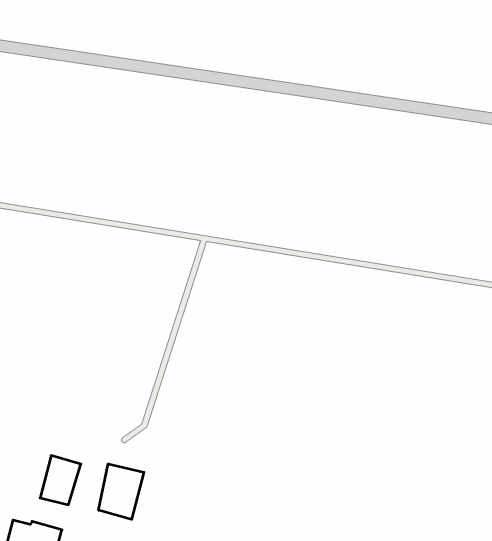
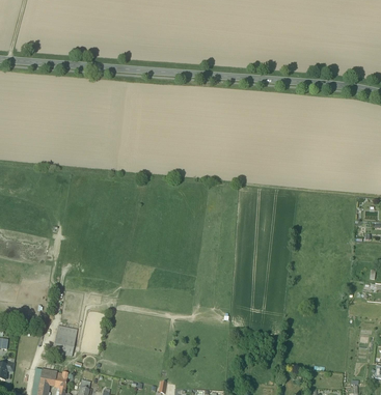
building: [99,464,144,519] -> none

